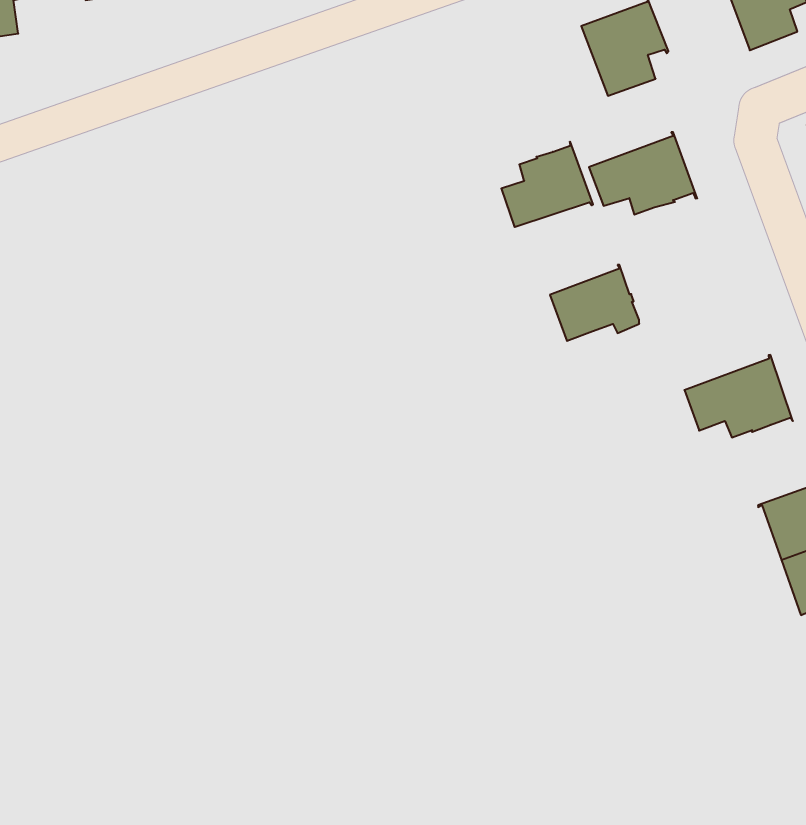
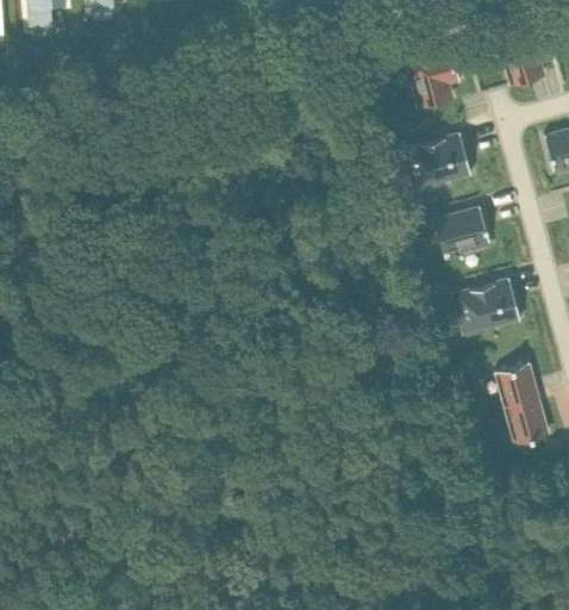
building: [501,142,593,227] -> none
building: [550,265,639,341] -> [434,207,489,253]

